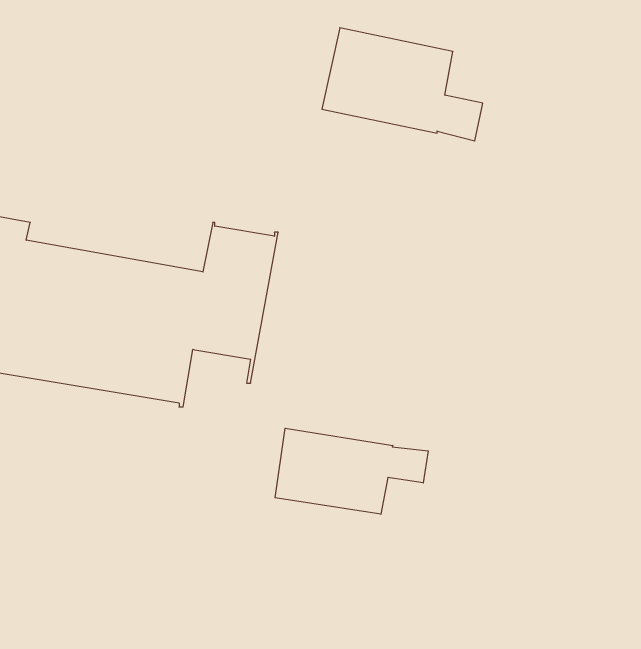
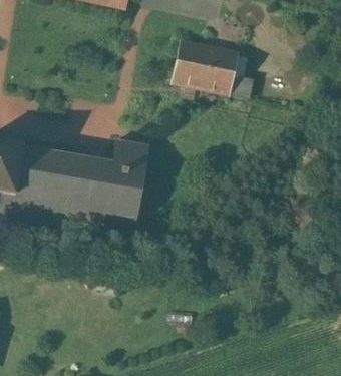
building: [275,428,428,514] -> none

